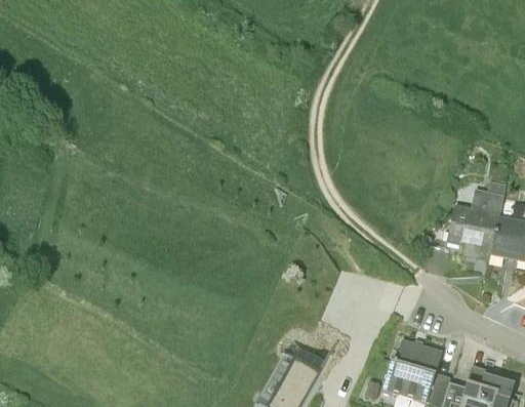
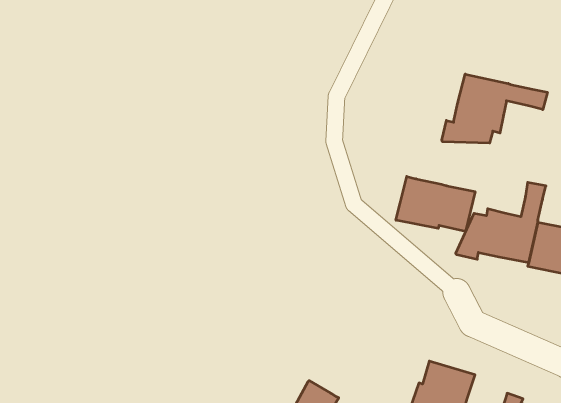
building: none -> [442,74,547,143]
building: none -> [396,176,475,232]

